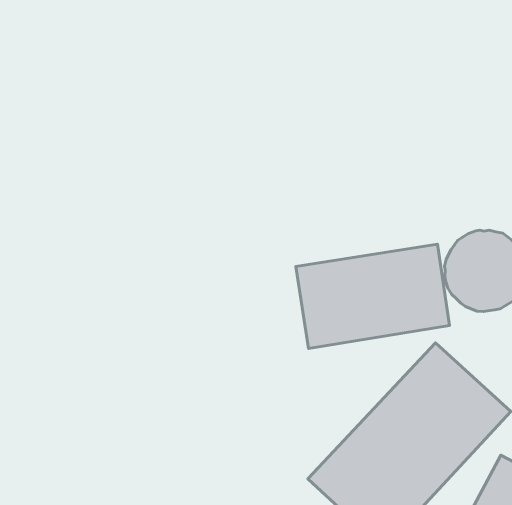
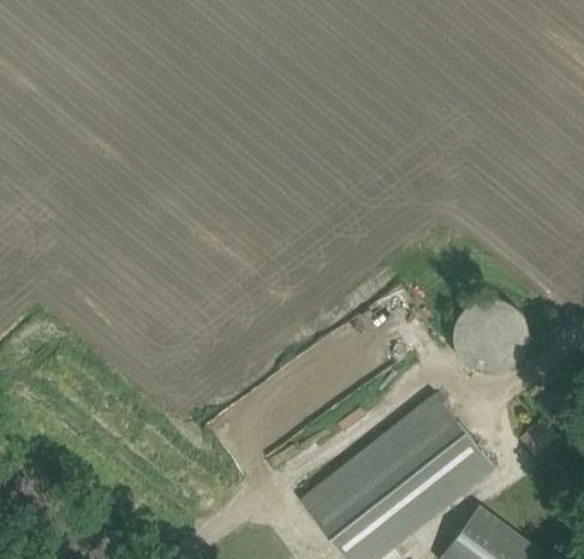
building: [296,244,449,349] -> none

